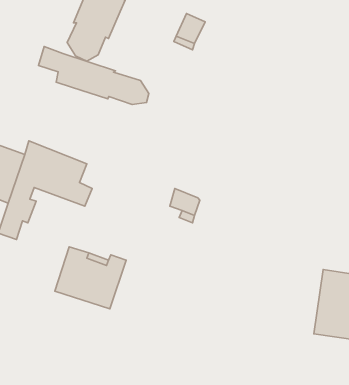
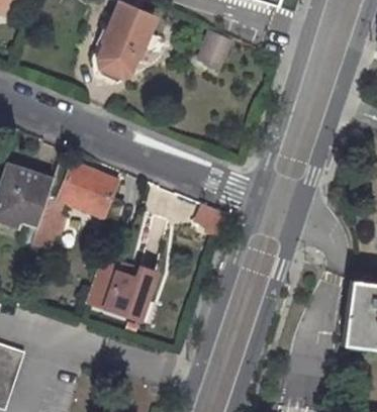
building: [39,47,149,104] -> none

